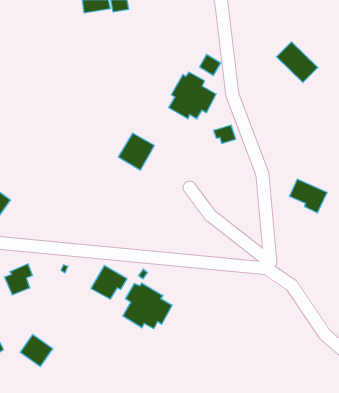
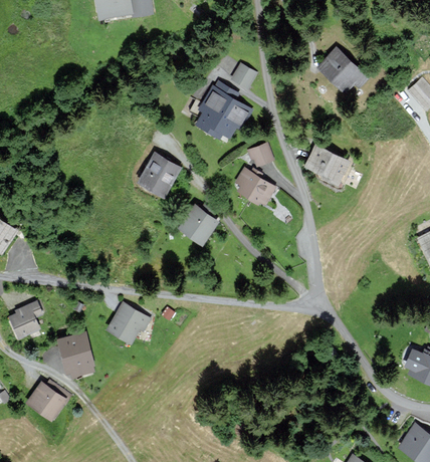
building: none -> [236,170,274,204]
building: none -> [179,206,216,242]
building: [289,179,327,213] -> [306,148,350,186]
building: [123,283,172,329] -> none
building: none -> [57,332,92,377]

